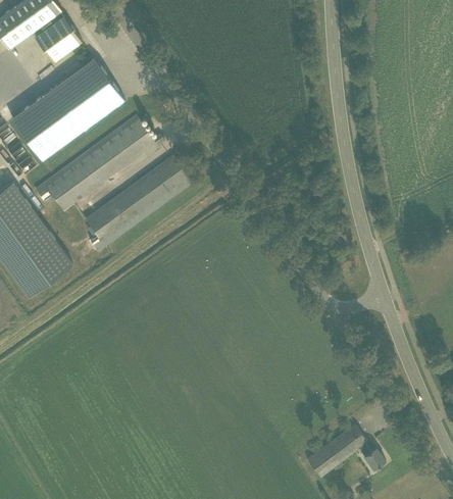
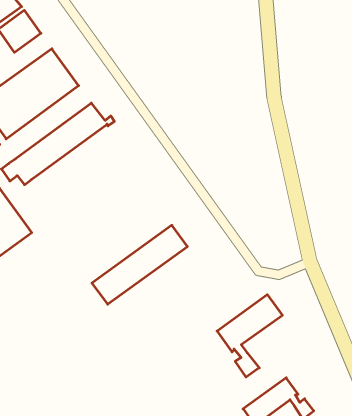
building: [85,155,191,243] -> [92,225,187,304]
building: none -> [217,295,282,377]

